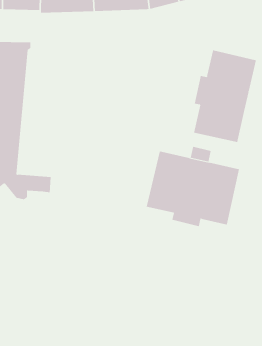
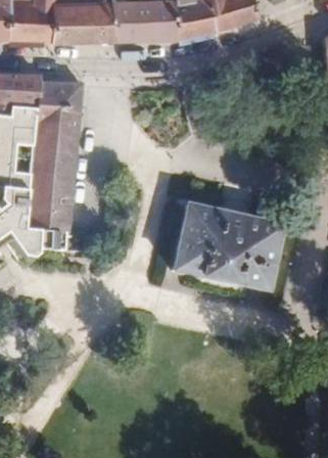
building: none -> [26,83,83,233]
building: [193,49,256,143] -> none

